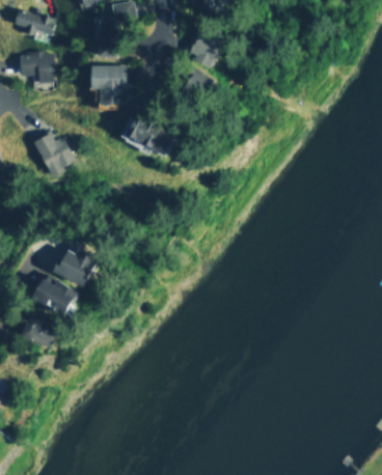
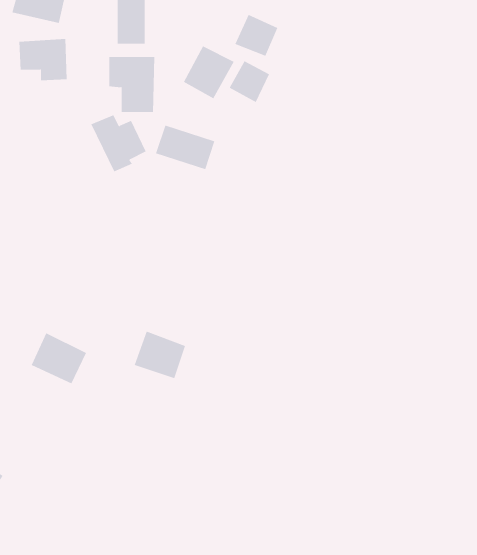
building: none -> [183,45,234,99]
building: [33,133,76,176] -> [91,115,147,172]
building: [51,249,90,285] -> [134,331,186,379]
building: [19,317,56,348] -> none

